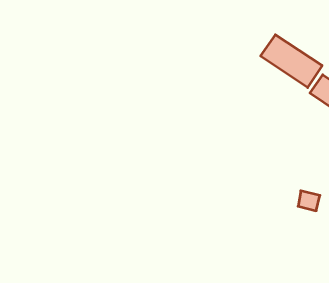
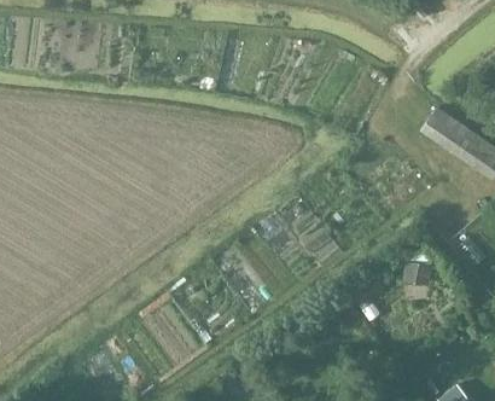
building: [261,35,322,88] -> none

